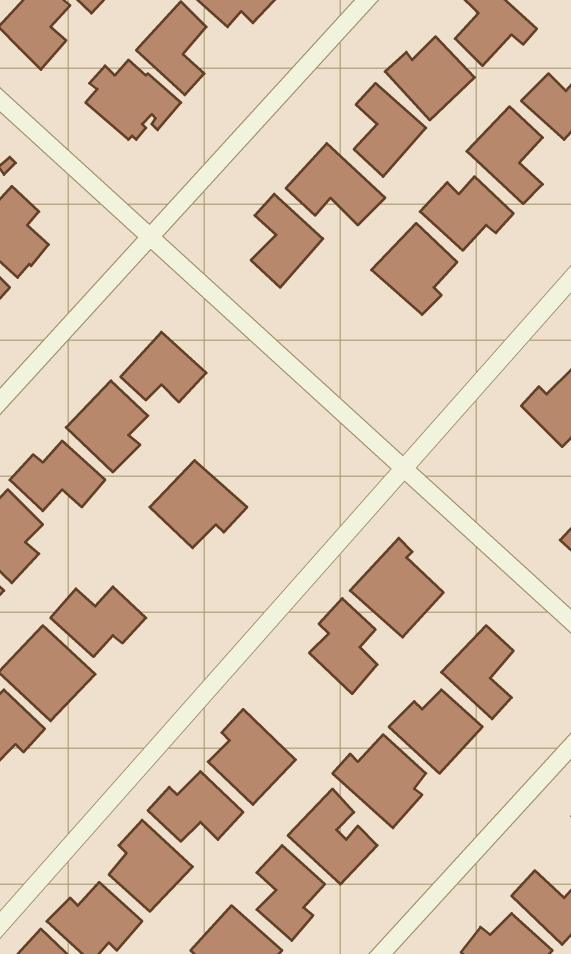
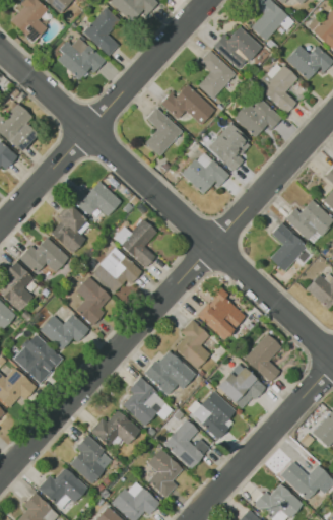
building: none -> [182,150,229,194]
building: none -> [114,218,157,267]
building: none -> [269,222,307,271]
building: none -> [74,276,111,325]
building: none -> [143,349,196,395]

